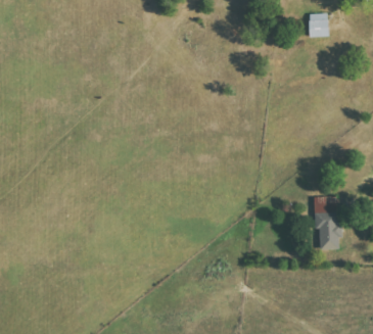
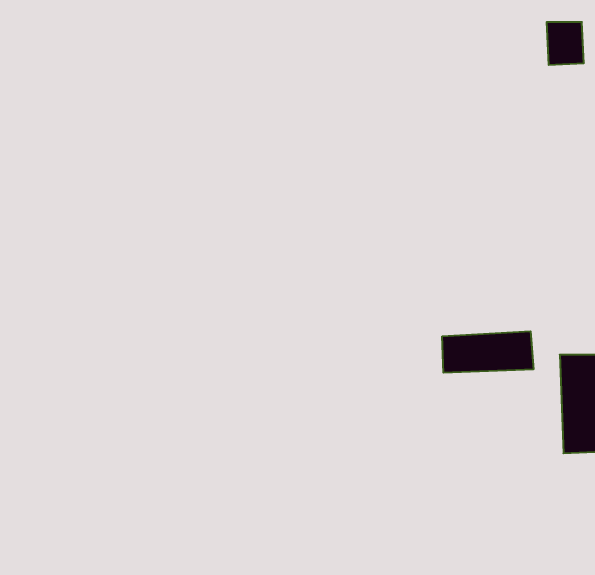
building: none -> [442,331,533,373]

